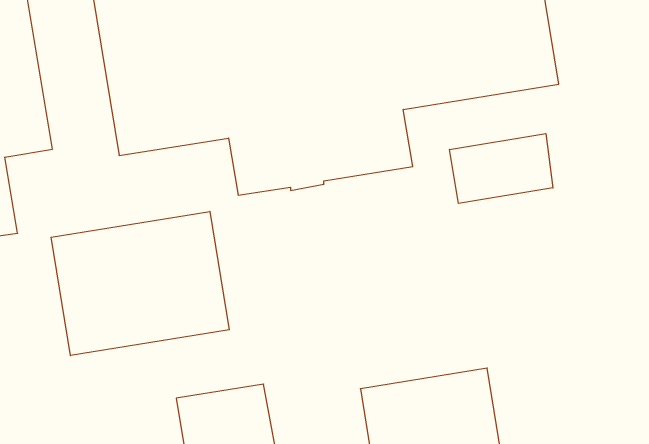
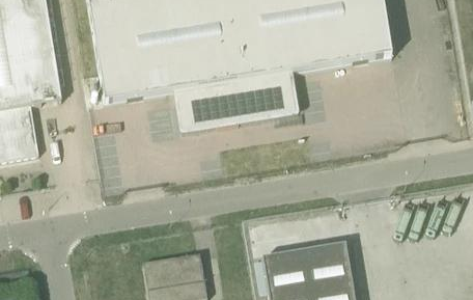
building: [450,134,553,203] -> none
building: [51,211,229,356] -> none

